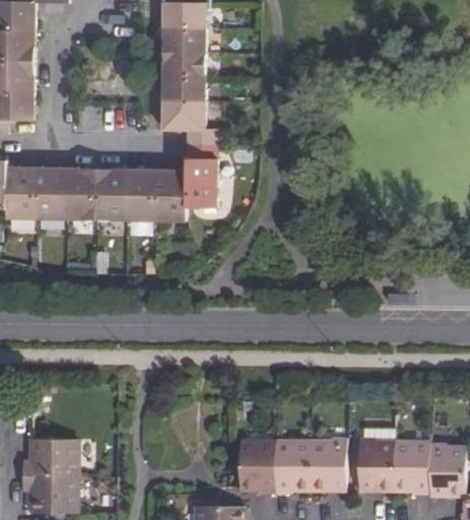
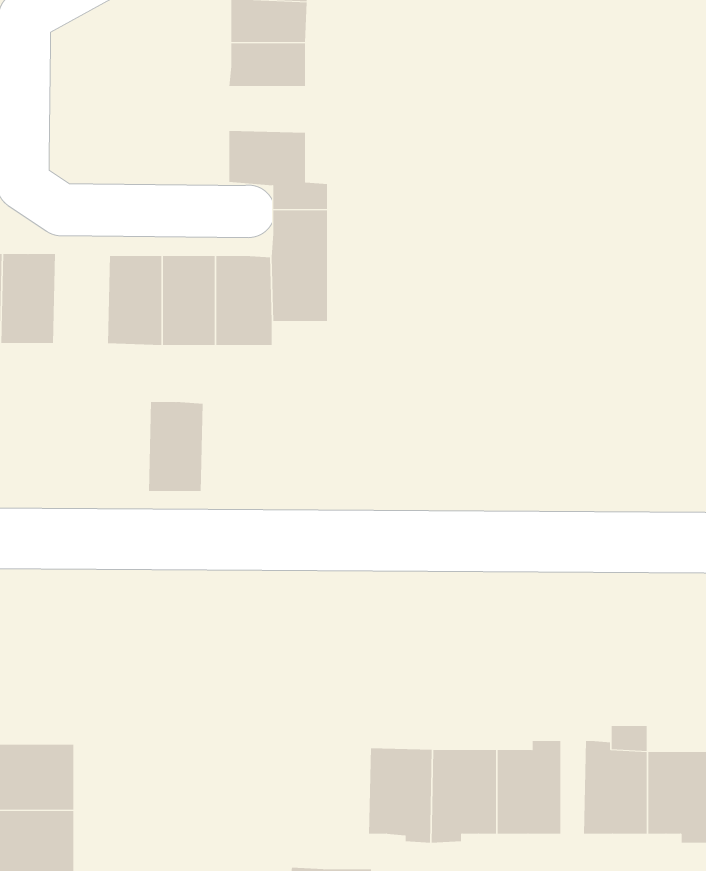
building: [161,76,204,102] -> none
building: [65,169,95,218] -> [148,402,203,492]

